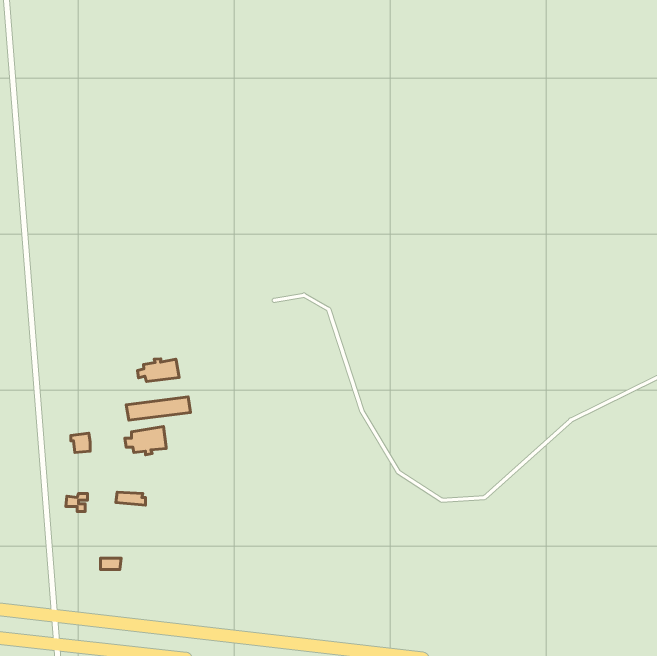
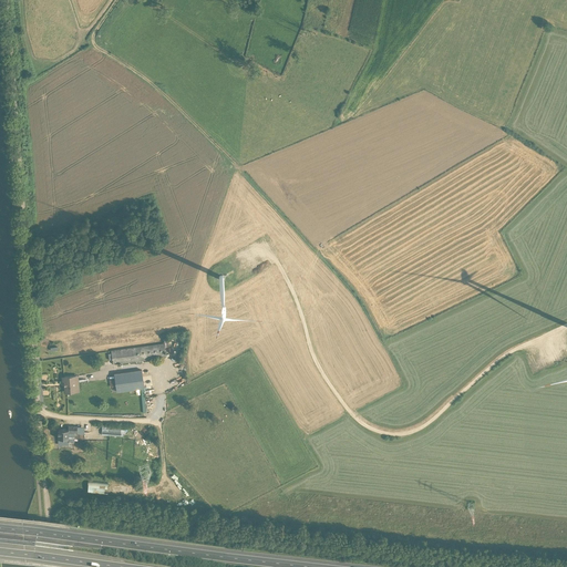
building: [138,359,179,381] -> none

